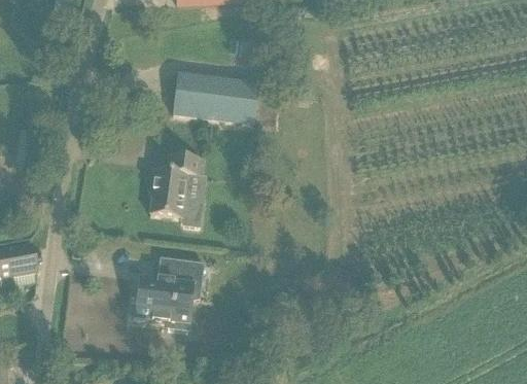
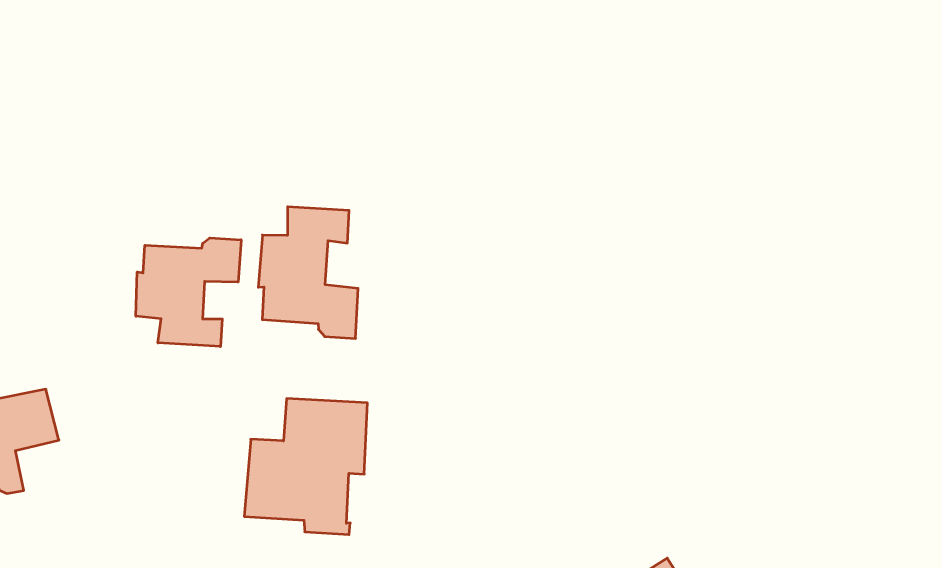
building: [173,71,259,123] -> none
building: none -> [136,238,241,347]

